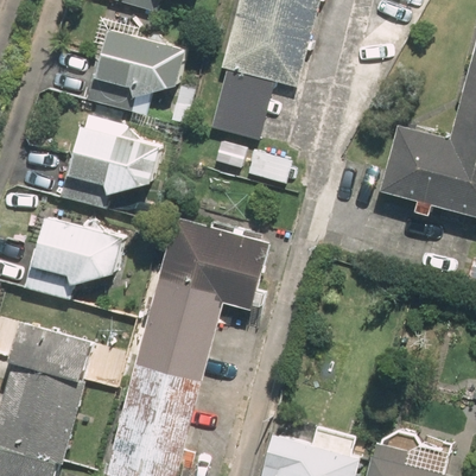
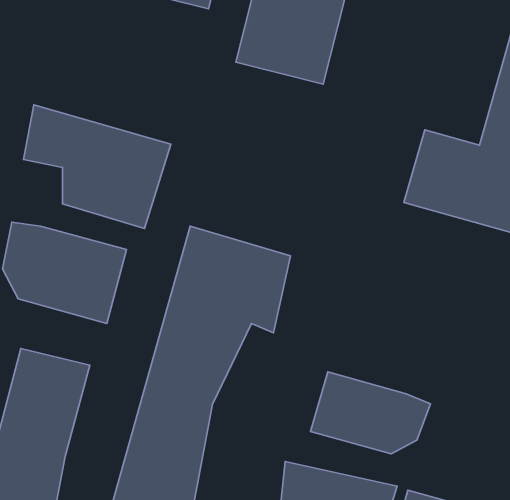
building: [51,28,180,116] -> none
building: [209,71,274,141] -> none
building: none -> [310,372,430,454]

